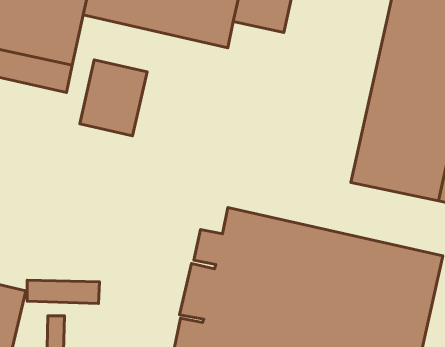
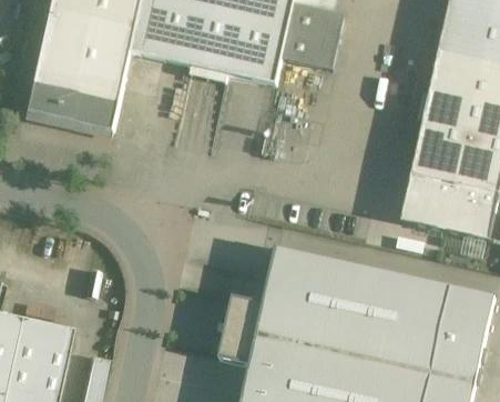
building: [80,60,147,136] -> none
building: [27,280,99,303] -> none

